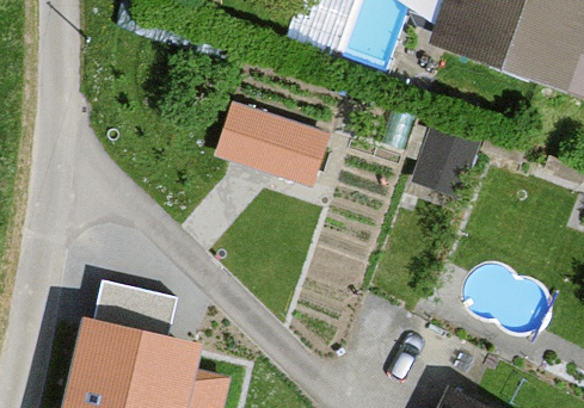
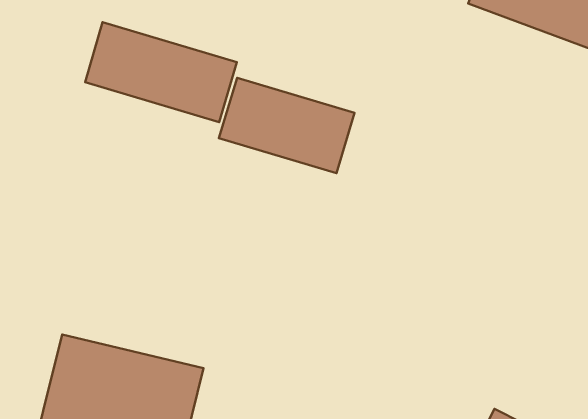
building: none -> [85,22,237,122]

